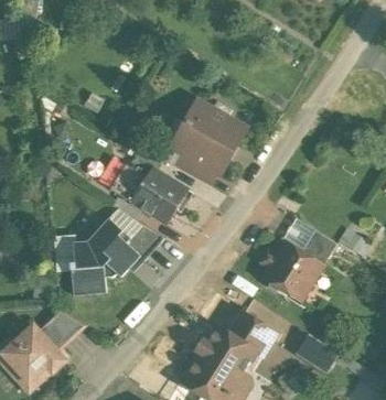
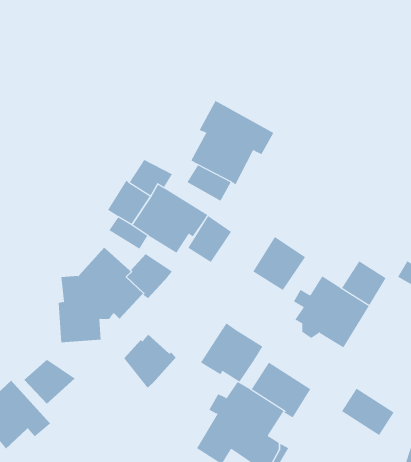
building: none -> [188,215,232,263]
building: none -> [253,236,306,291]
building: none -> [200,323,263,383]
building: none -> [124,334,176,388]

